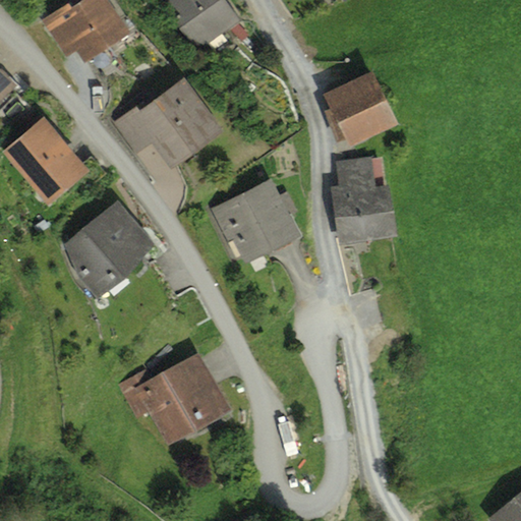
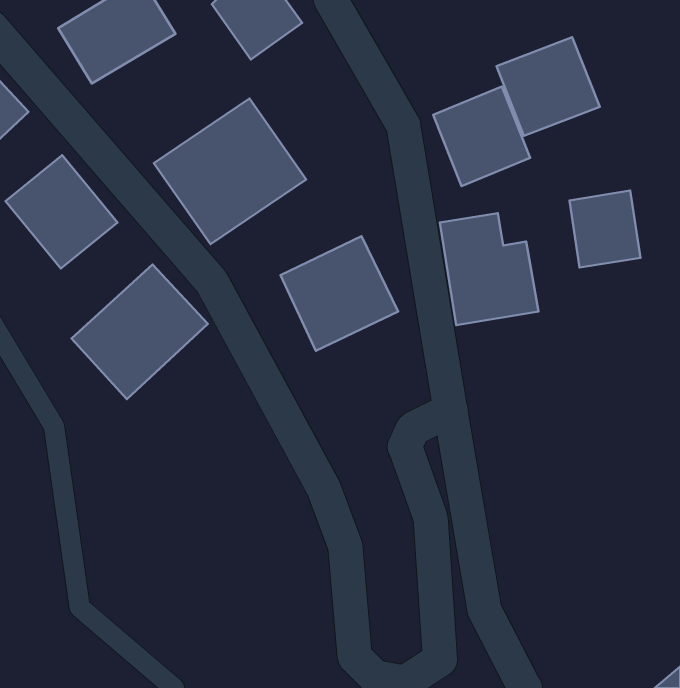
building: none -> [496,37,600,136]
building: none -> [569,190,640,268]
building: [127,360,225,449] -> none

